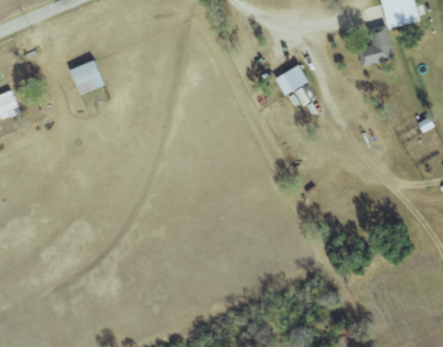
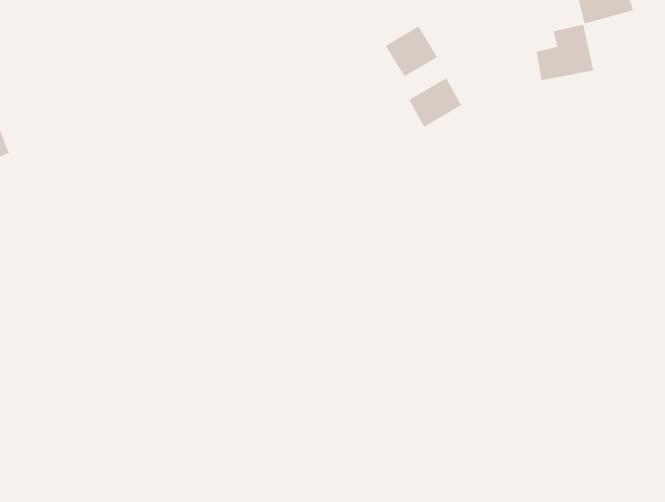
building: none -> [385,26,438,77]
building: [69,59,104,95] -> none

